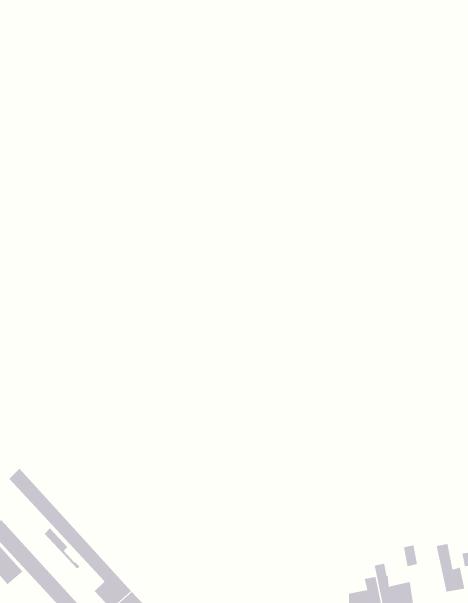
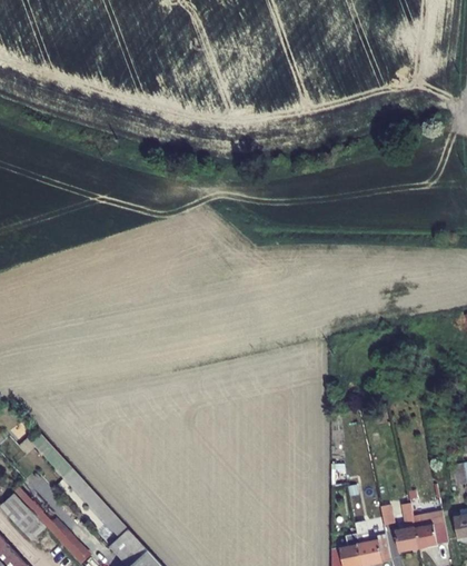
building: none -> [400,502,425,549]

